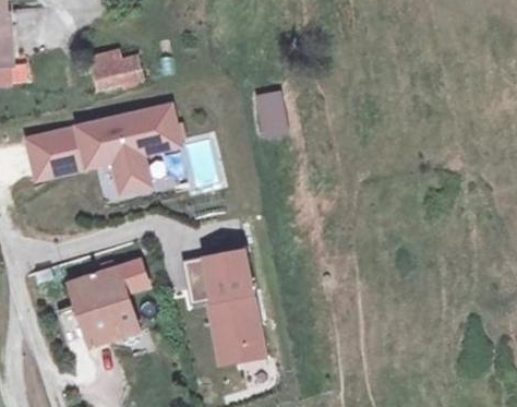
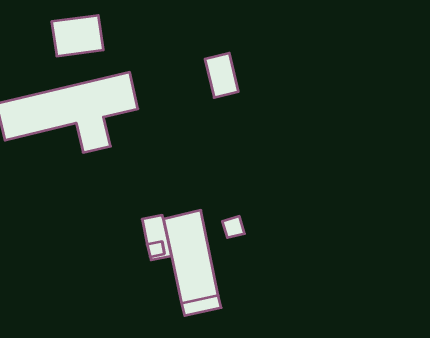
building: [72,264,146,346] -> none

